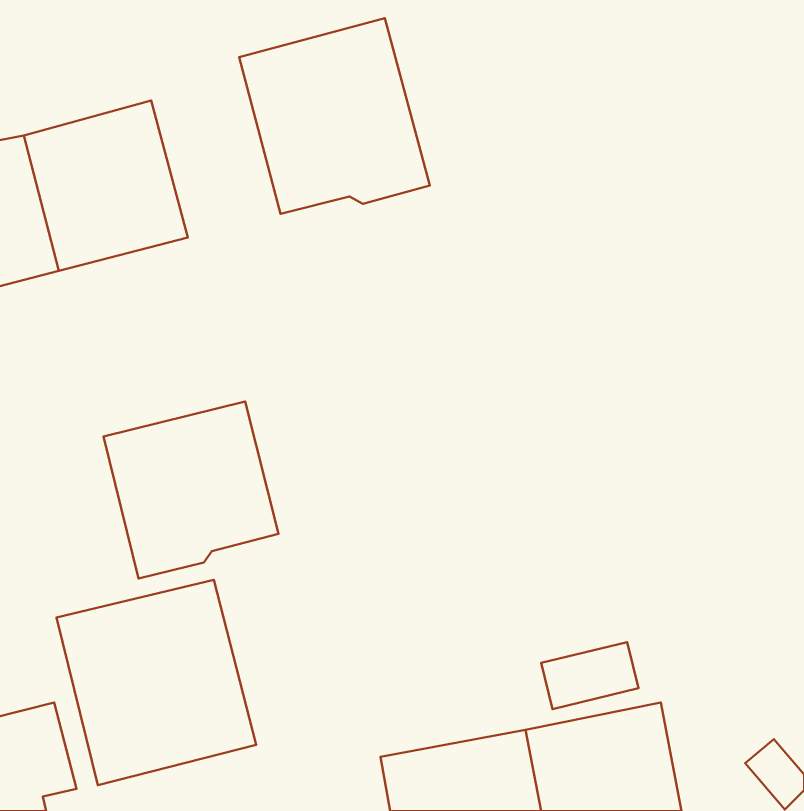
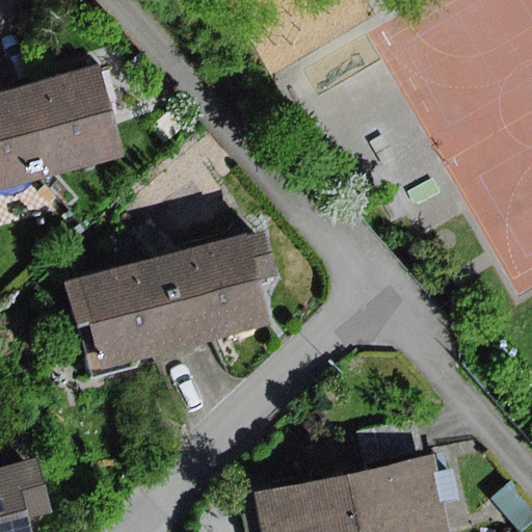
building: [239,18,430,214] -> none
building: none -> [160,233,276,348]
building: [57,580,256,785] -> none

